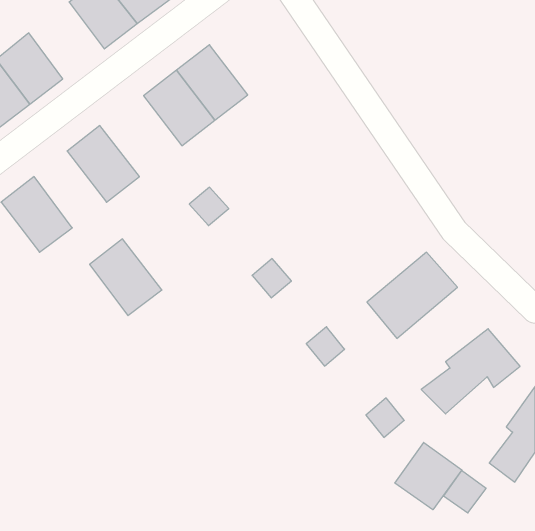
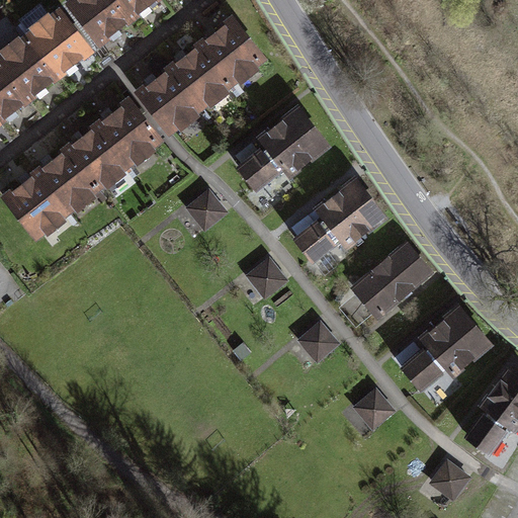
building: none -> [27,7,92,75]
building: none -> [199,19,267,90]
building: none -> [95,95,164,168]
building: none -> [236,107,331,196]
building: none -> [292,182,387,270]
building: [90,239,162,316] -> [32,144,101,217]
building: [395,442,462,510] -> none

